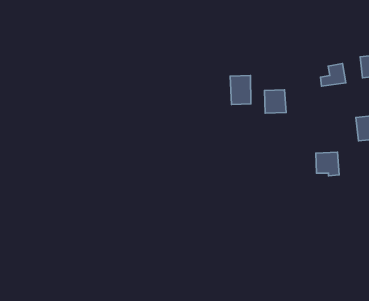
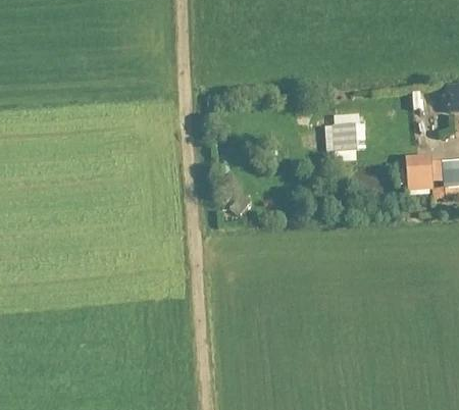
building: [230,75,251,105] -> none
building: [316,152,339,176] -> [404,156,432,185]

